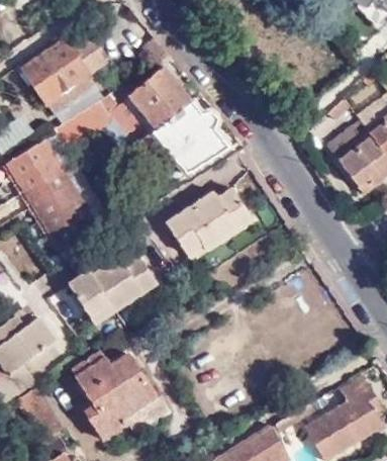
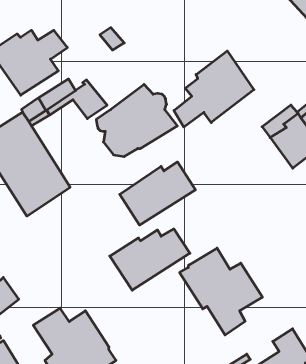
building: none -> [174,51,254,127]
building: [127,63,196,128] -> none
building: [63,254,153,322] -> [110,229,190,290]
building: none -> [180,248,262,335]

